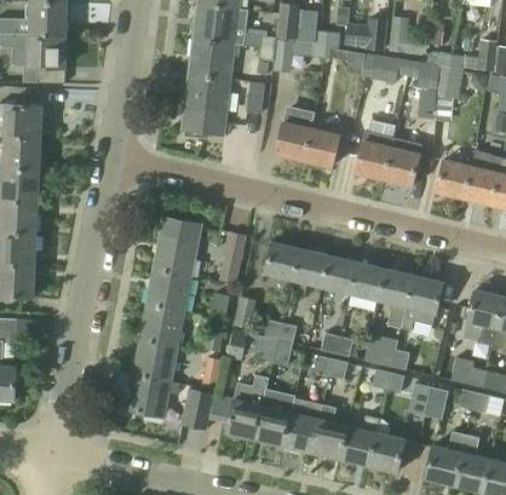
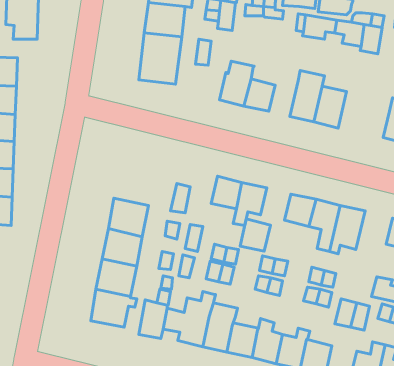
building: [436,161,471,197] -> none
building: [153,215,203,276] -> none
building: [322,255,357,293] -> [240,219,270,251]

